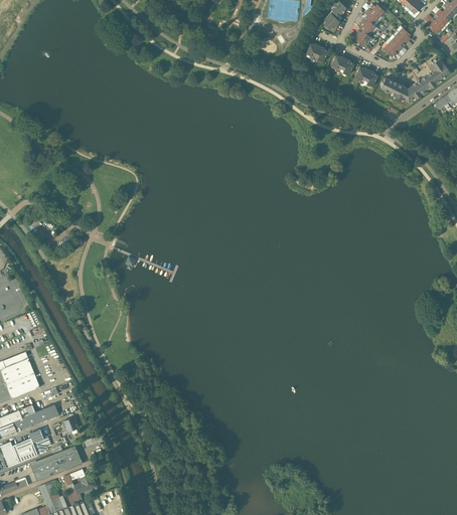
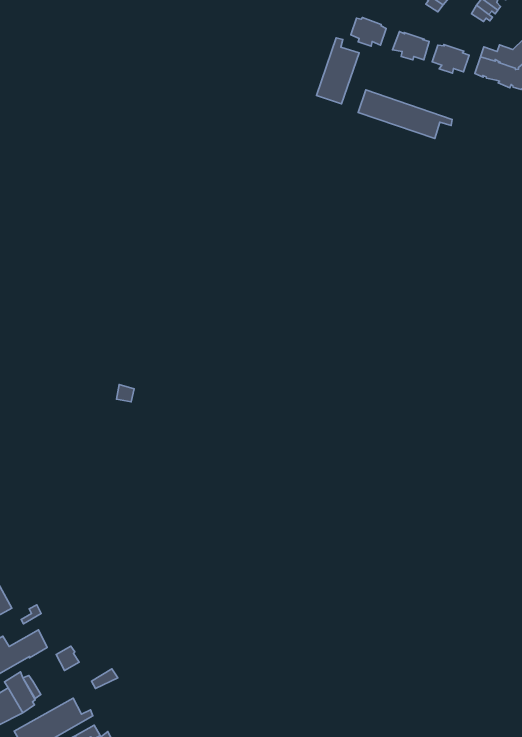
building: none -> [317,38,359,104]
building: none -> [358,90,452,139]

